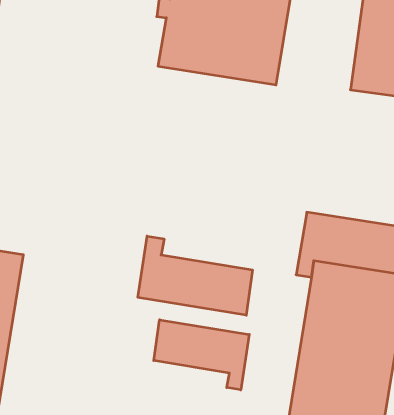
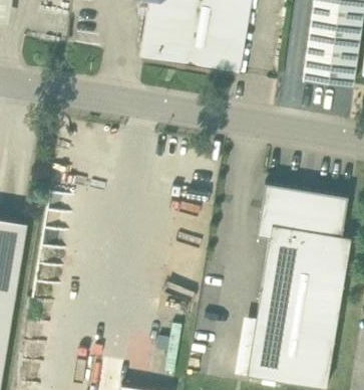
building: [138,236,252,315] -> none
building: [154,320,249,390] -> none

